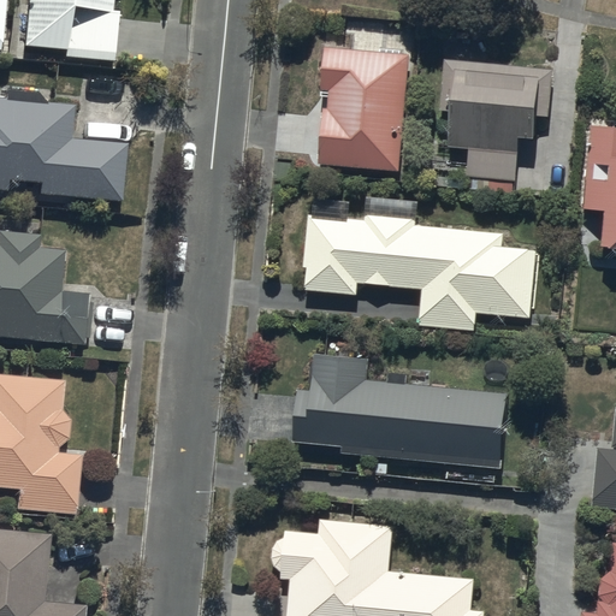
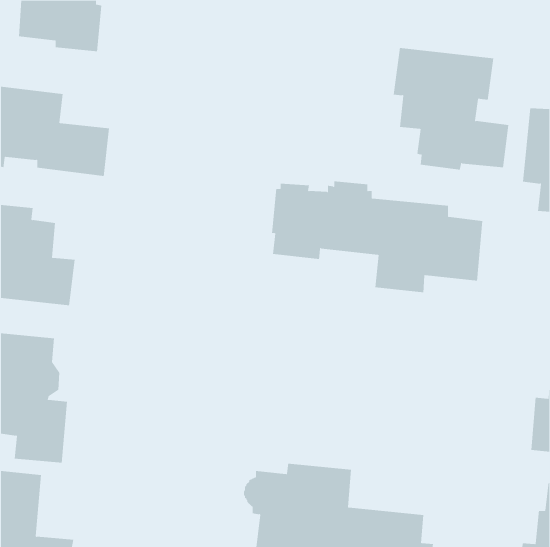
building: [318,47,408,170] -> none
building: [292,345,509,467] -> none

